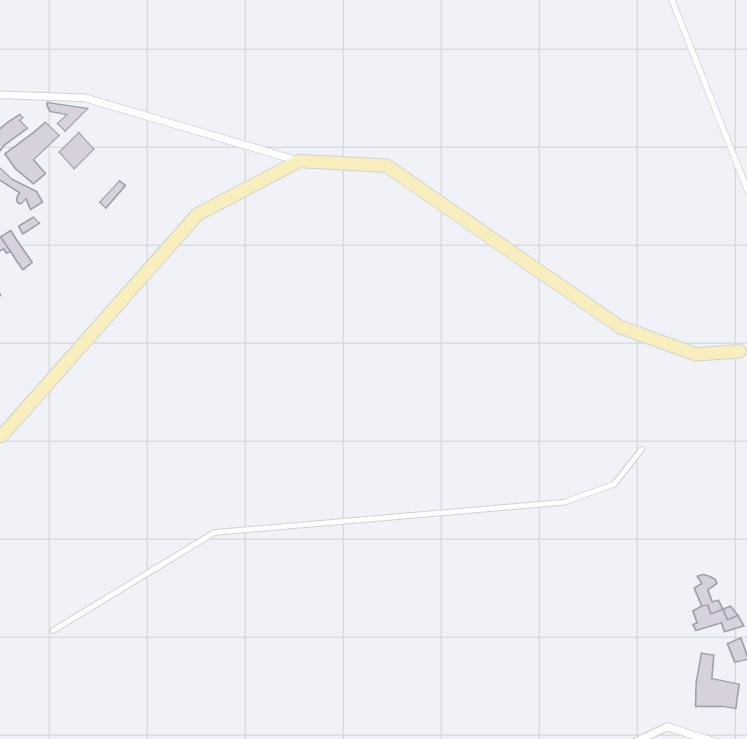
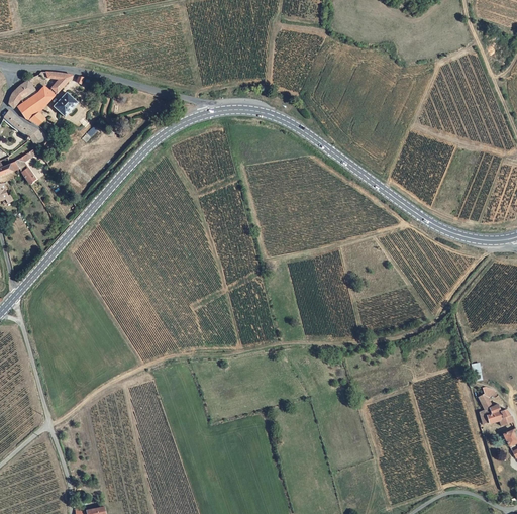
building: [696,653,739,708] -> none

